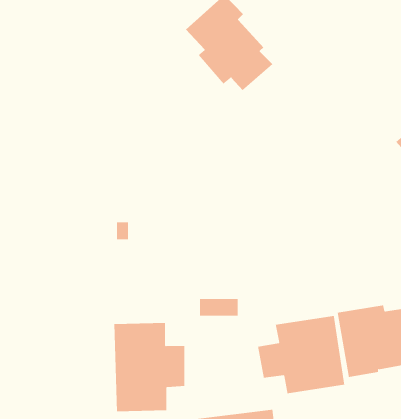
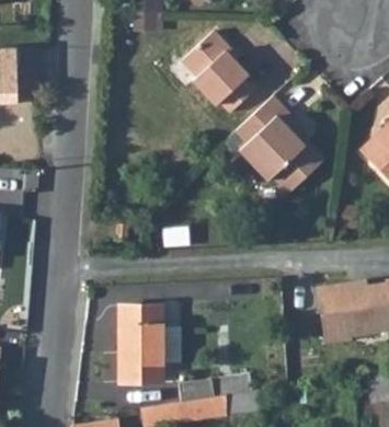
building: none -> [236,90,323,189]
building: [257,315,345,394] -> none

